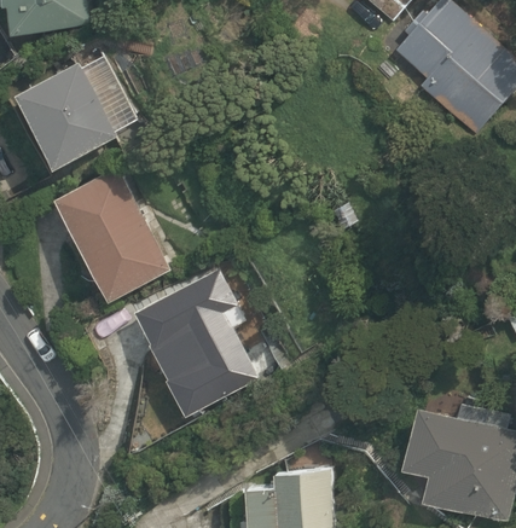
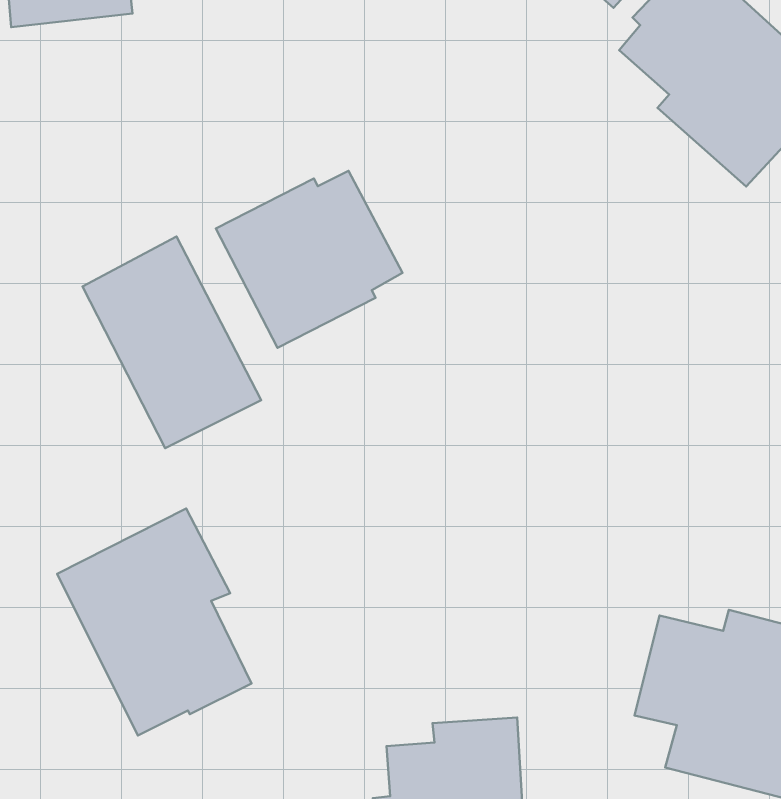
building: [17,57,134,168] -> [216,171,402,348]
building: [135,269,257,412] -> [57,509,251,735]

